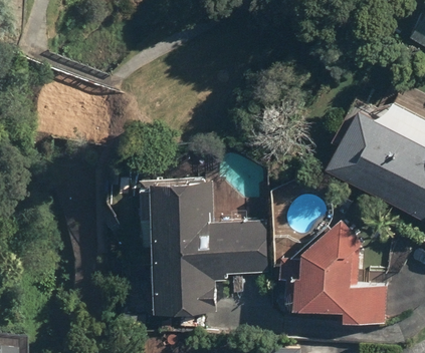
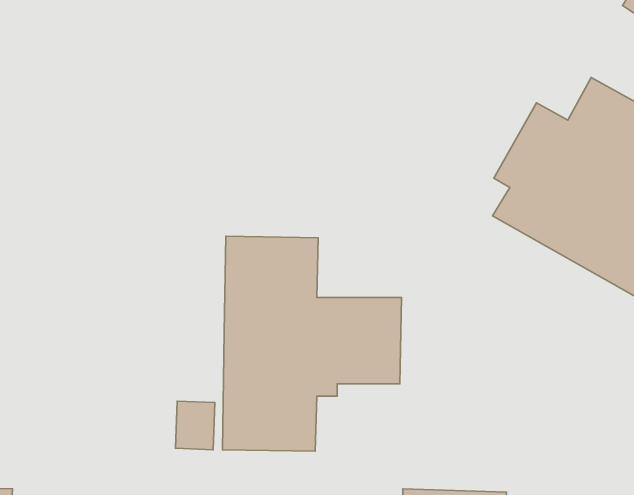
building: [280,216,387,328] -> none

